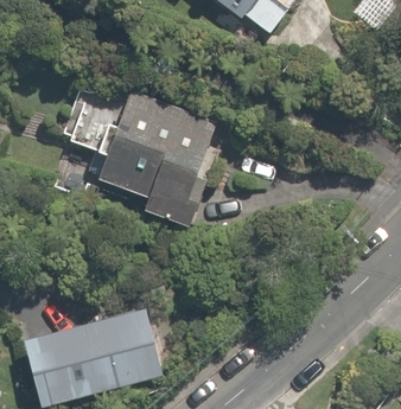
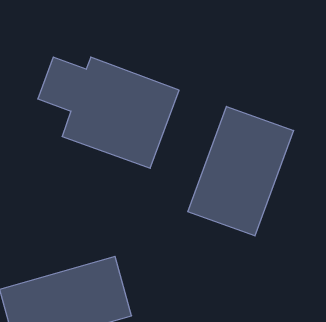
building: none -> [188,106,294,236]

